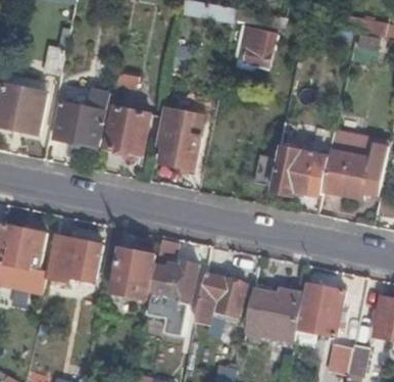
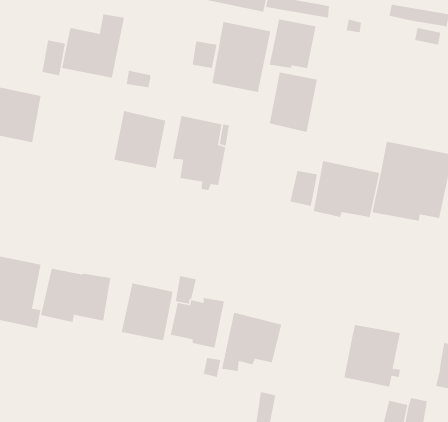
building: none -> [212,21,271,93]
building: none -> [269,72,318,133]
building: [53,90,106,144] -> [61,14,125,78]
building: [245,288,304,340] -> none

